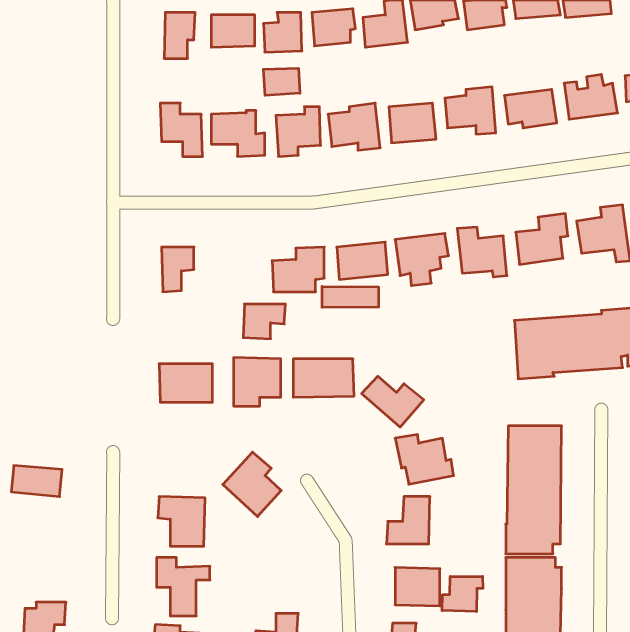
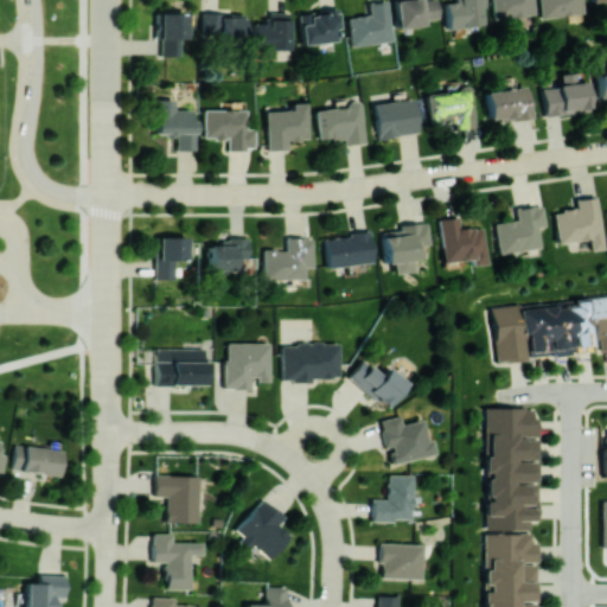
building: [263,68,300,95] -> none
building: [322,286,379,307] -> none
building: [243,304,285,339] -> [211,242,251,275]
building: [223,452,281,517] -> [237,500,293,562]
building: [442,576,483,612] -> none

